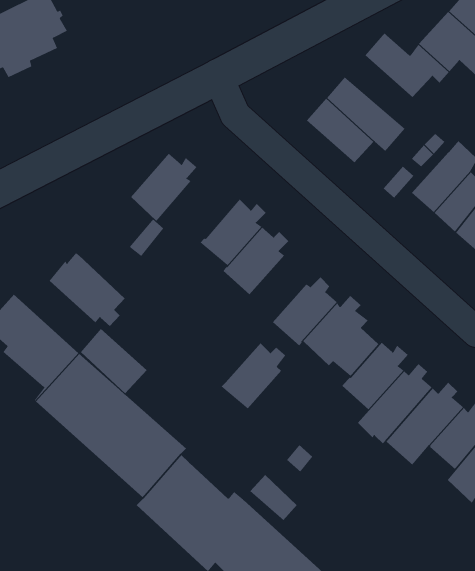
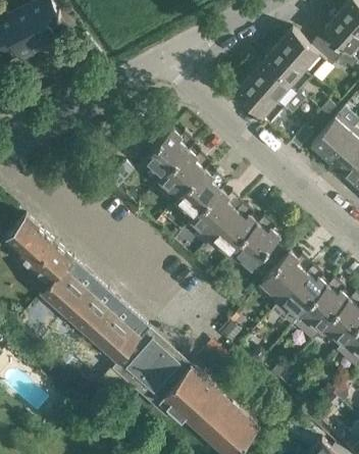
building: none -> [263,46,312,92]
building: [130,153,197,221] -> [144,129,192,178]
building: [49,252,126,327] -> none
building: [80,328,148,394] -> none
building: [221,343,286,409] -> [192,190,239,238]

